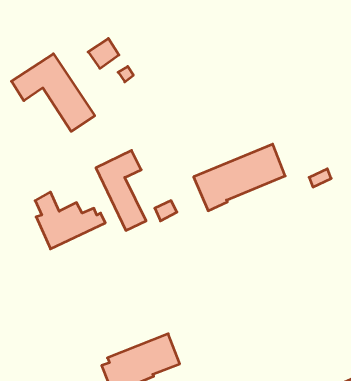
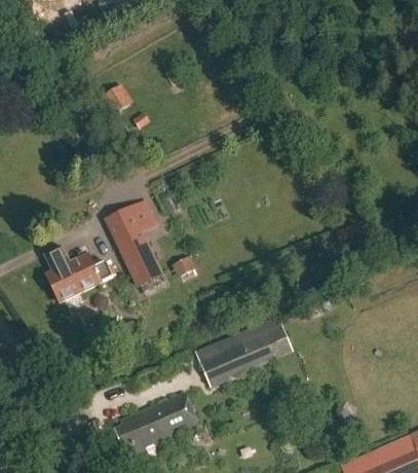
building: [11,54,95,131] -> none
building: [194,144,285,211] -> [194,315,292,386]

